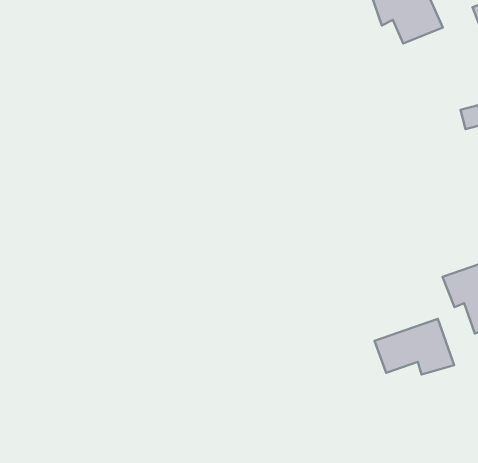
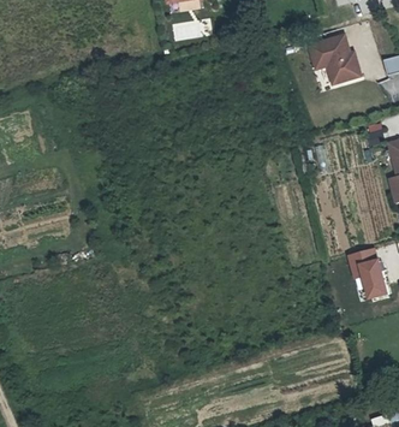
building: [375,319,454,375] -> none

